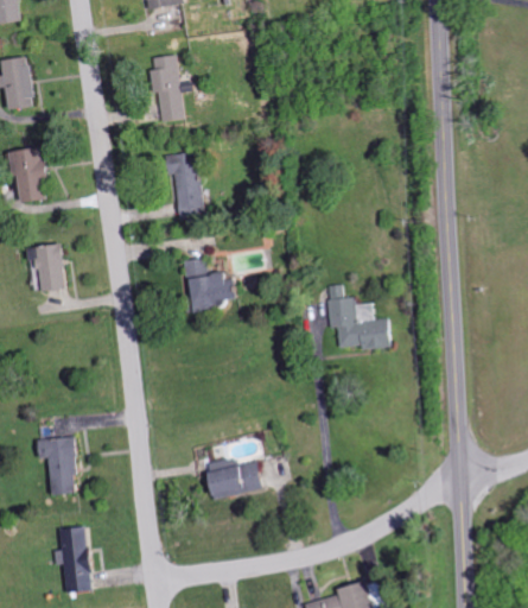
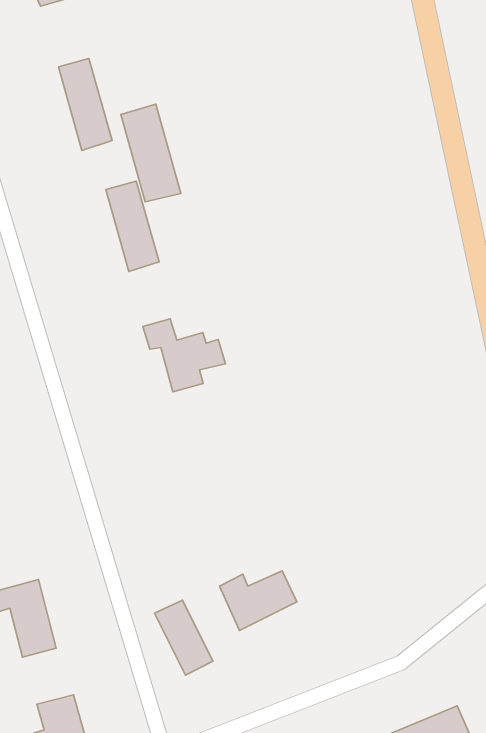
building: none -> [121,104,181,202]
building: [324,284,394,350] -> none
building: none -> [155,600,213,675]

